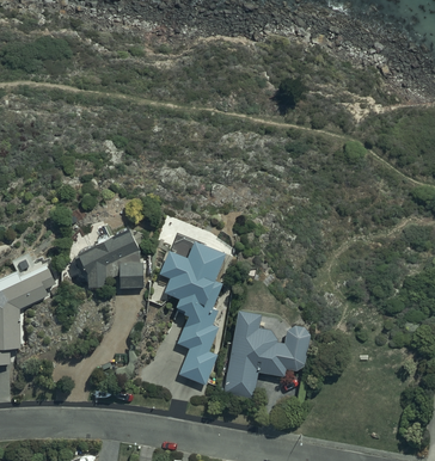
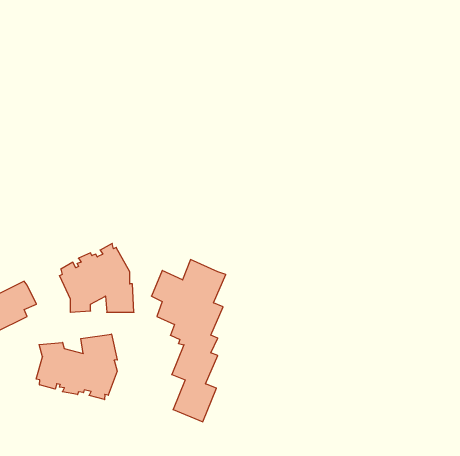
building: none -> [36,334,117,400]
building: [223,312,310,400] -> none

